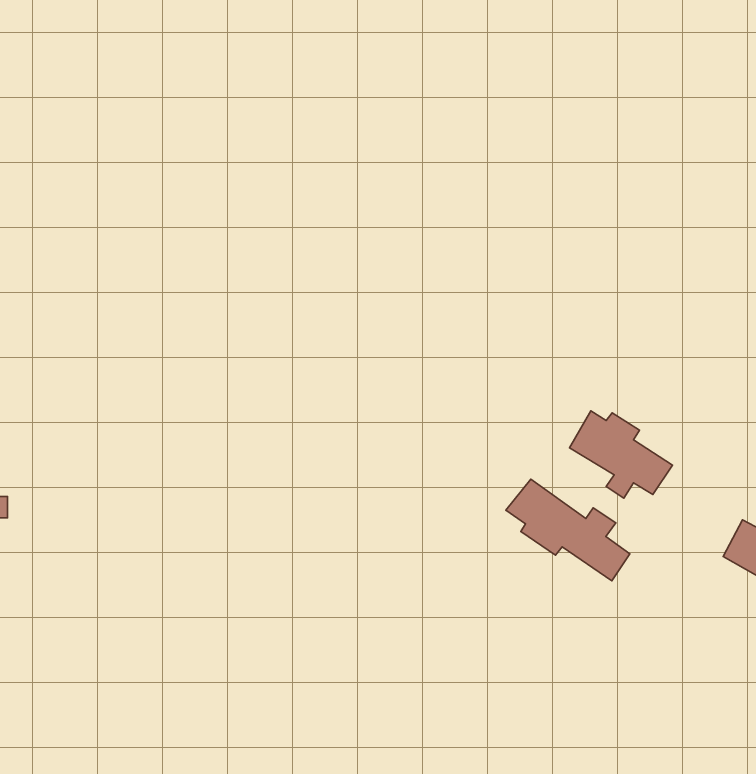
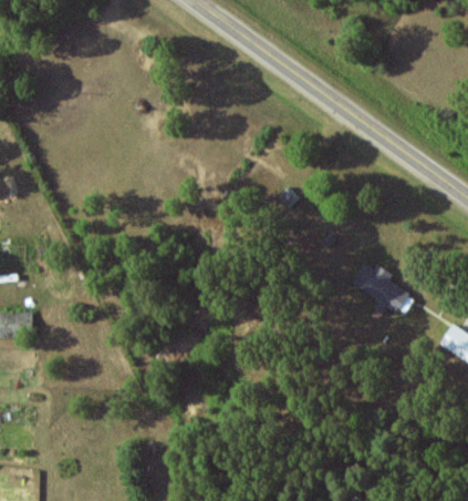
building: [506,479,630,581] -> none

